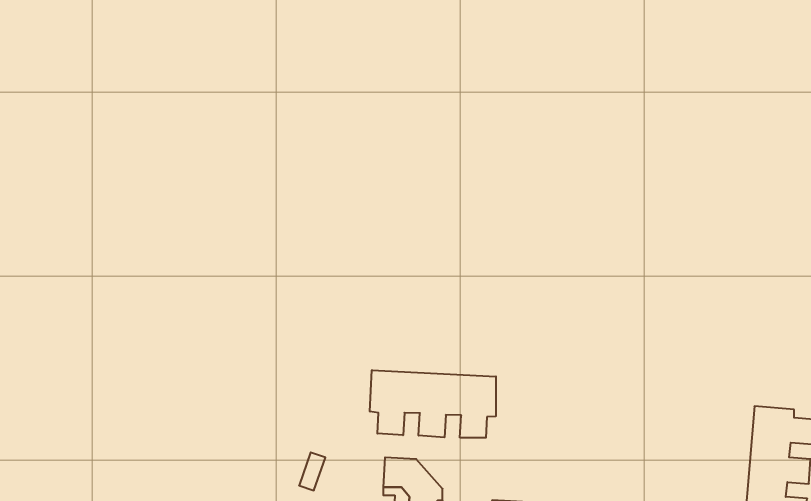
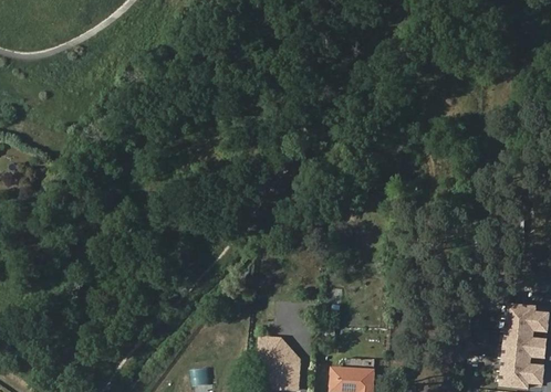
building: [370,370,496,438] -> none

